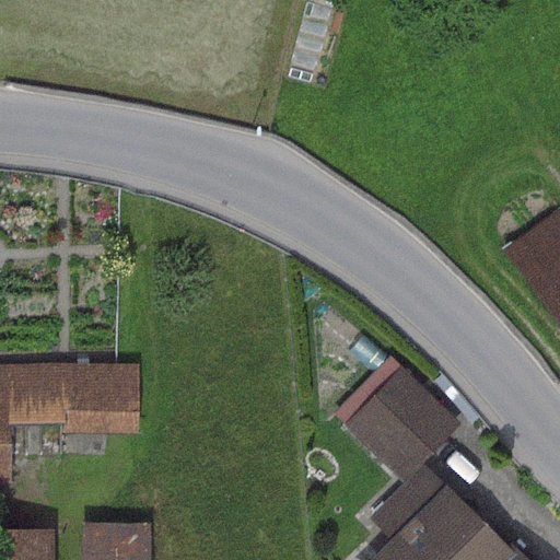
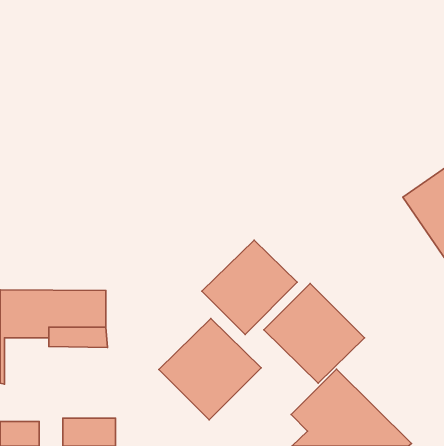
building: none -> [202,240,297,334]
building: none -> [159,319,261,420]

